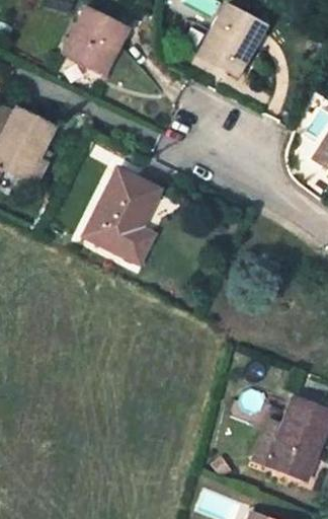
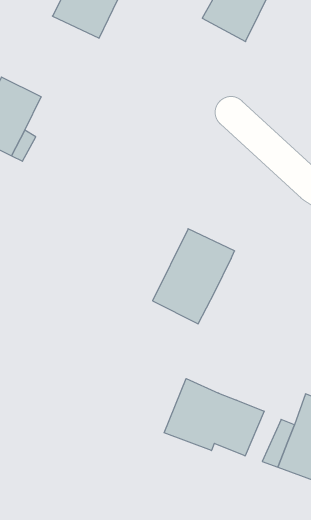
building: [84,169,159,256] -> [153,229,235,324]
building: none -> [164,379,264,456]

